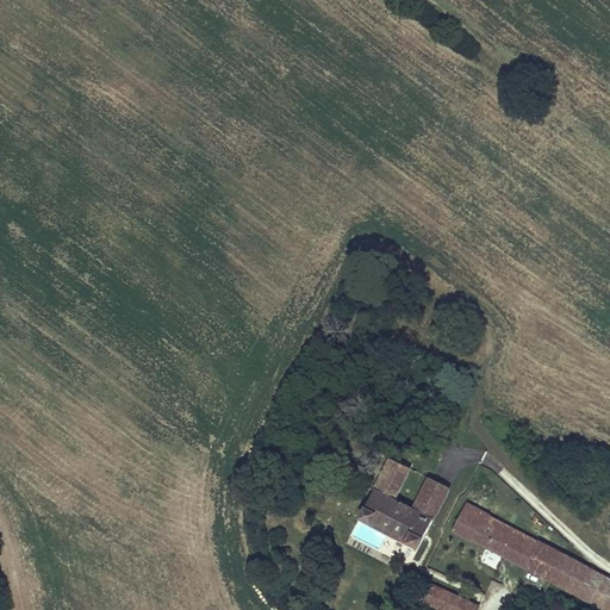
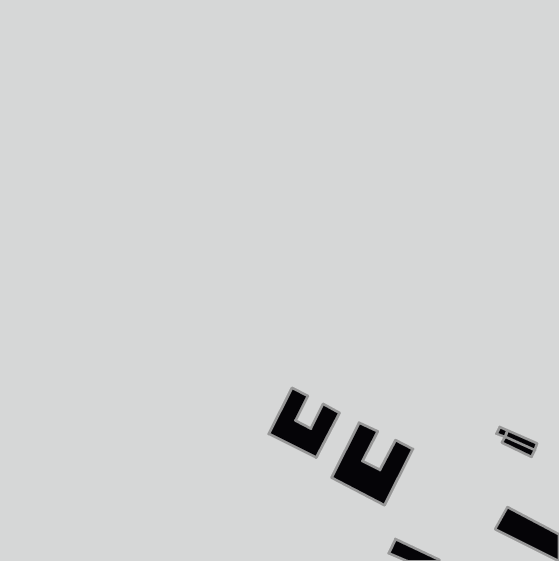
building: none -> [269,388,339,458]
building: [452,504,550,574] -> none

